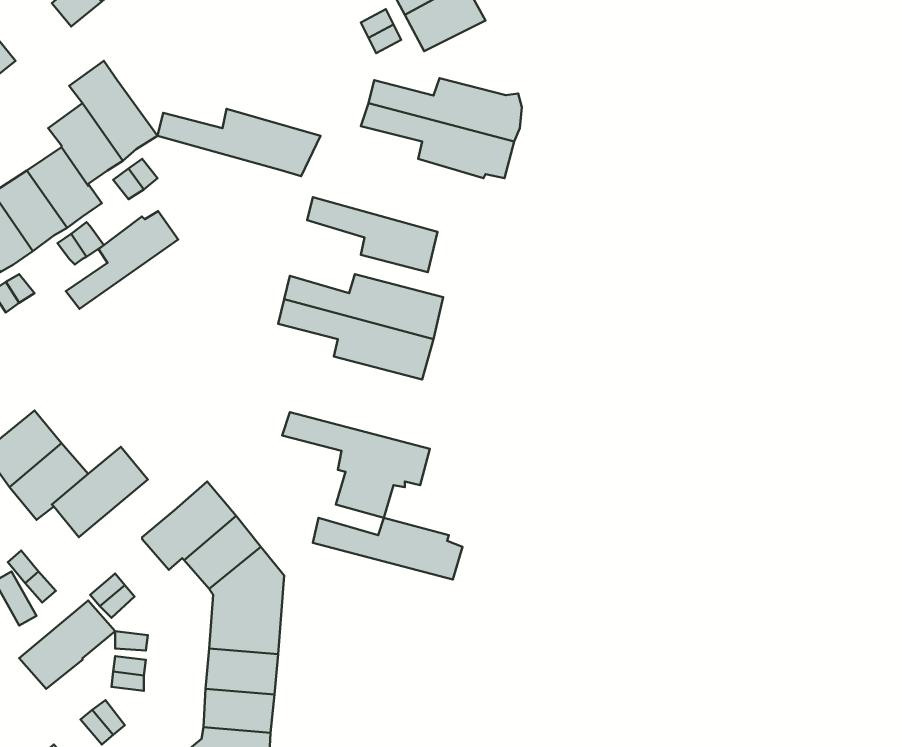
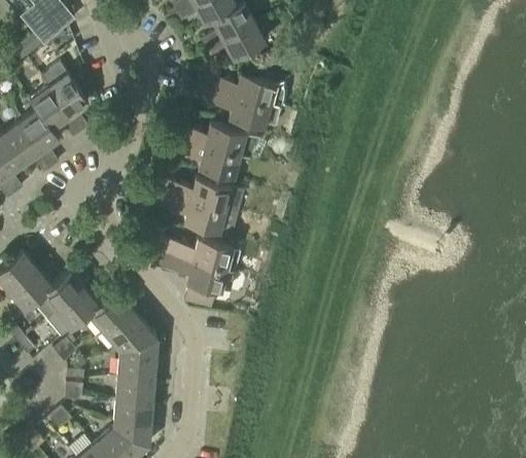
building: [157,109,320,176] -> [173,122,260,158]
building: [66,211,178,309] -> none
building: [313,518,462,579] -> [161,239,241,272]
building: [19,600,115,689] -> [47,288,99,336]

